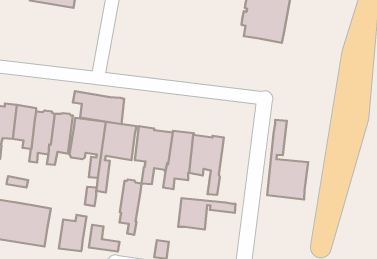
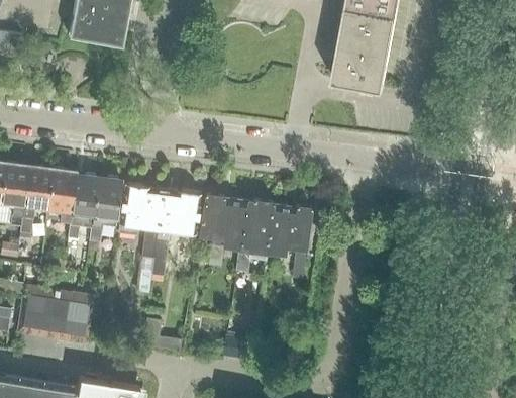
building: [73,91,124,124] -> none
building: [267,120,308,199] -> none
building: [119,179,141,235] -> none
building: [178,198,235,229] -> none
building: [59,215,87,251] -> none

